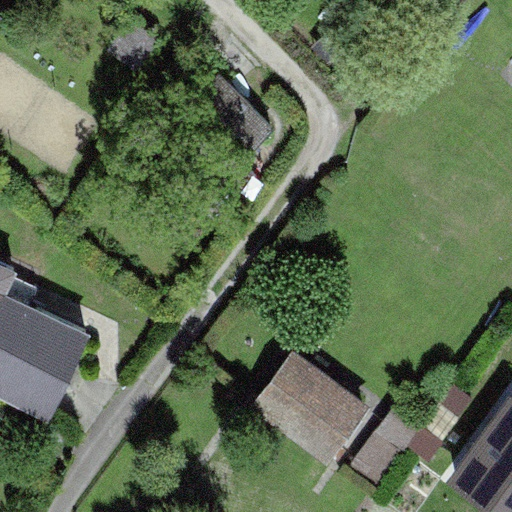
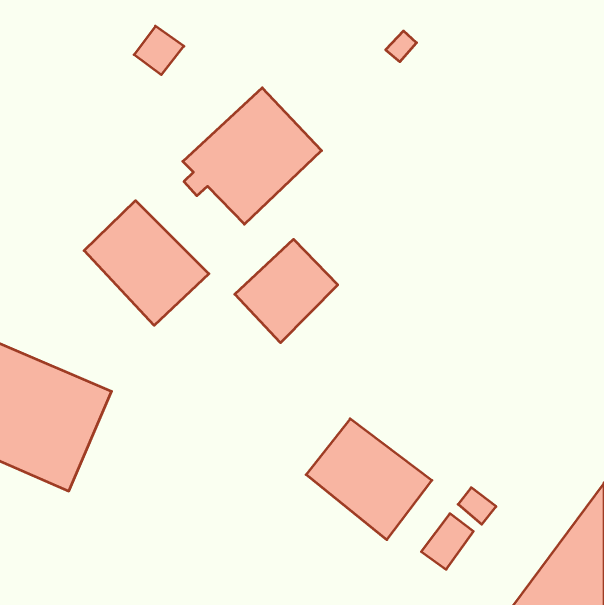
building: none -> [84,201,209,325]
building: none -> [235,239,338,343]

